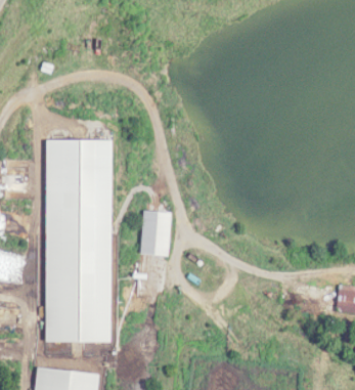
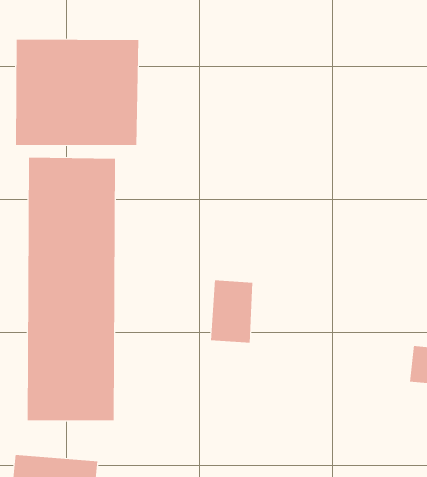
building: none -> [15,39,139,146]
building: [142,208,175,256] -> [210,280,253,343]

